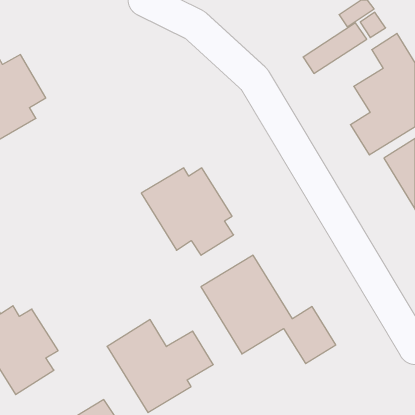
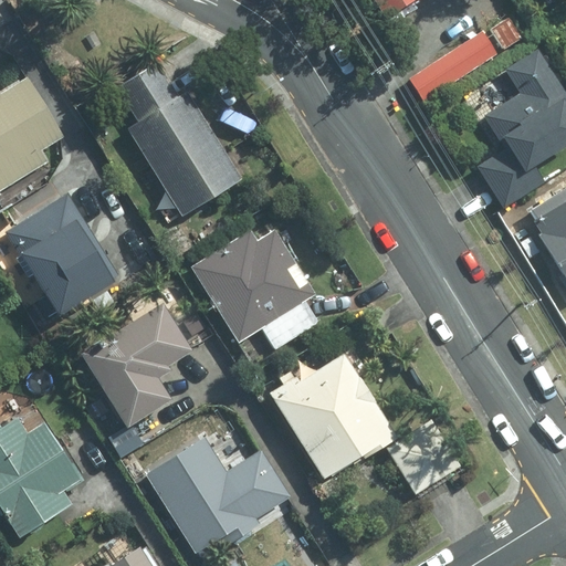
building: none -> [118,63,243,217]
building: none -> [7,193,118,315]
building: none -> [84,301,193,422]

